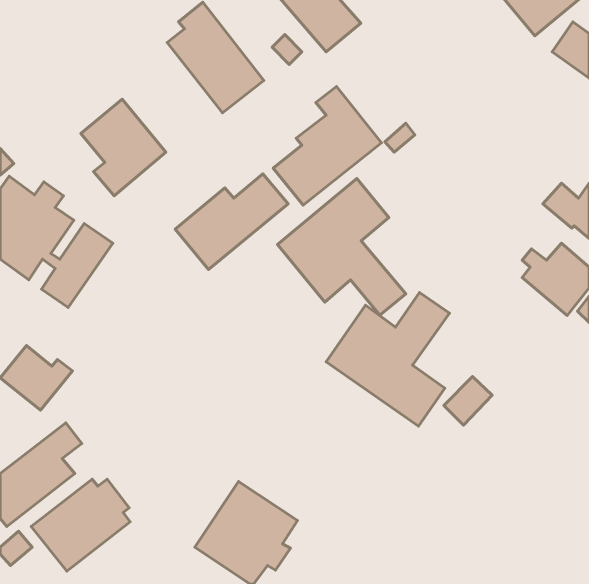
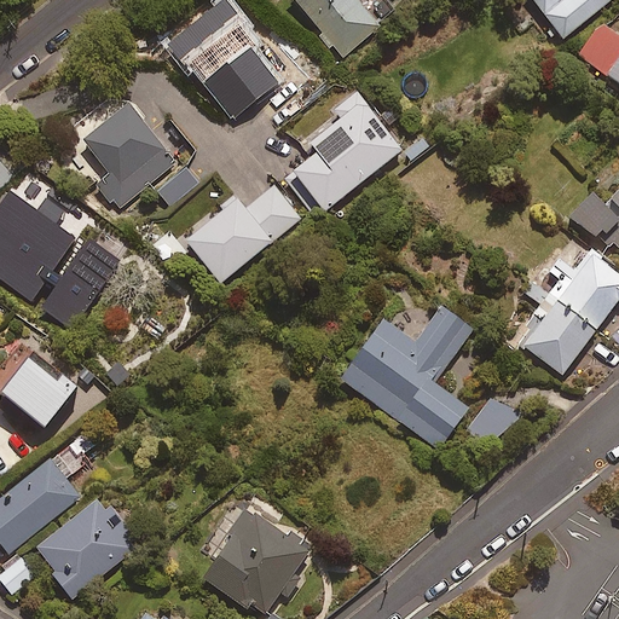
building: [277,179,406,315] -> none
building: none -> [517,280,595,375]

